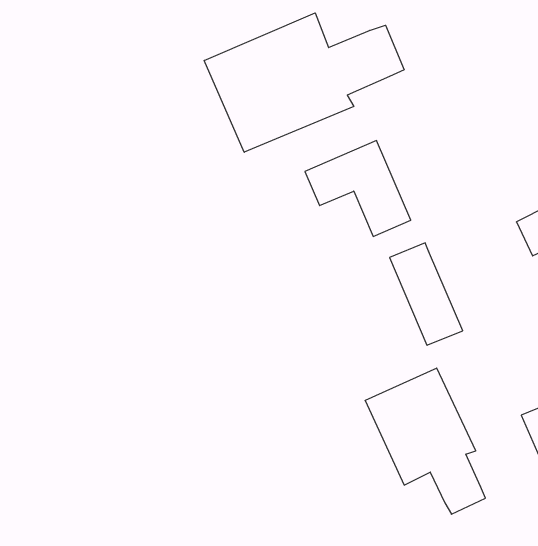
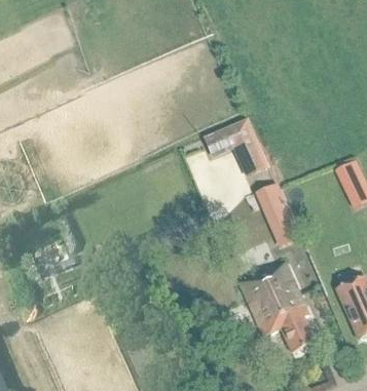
building: [204,13,404,152] -> none

